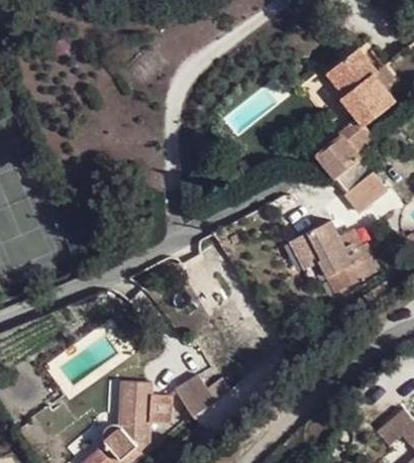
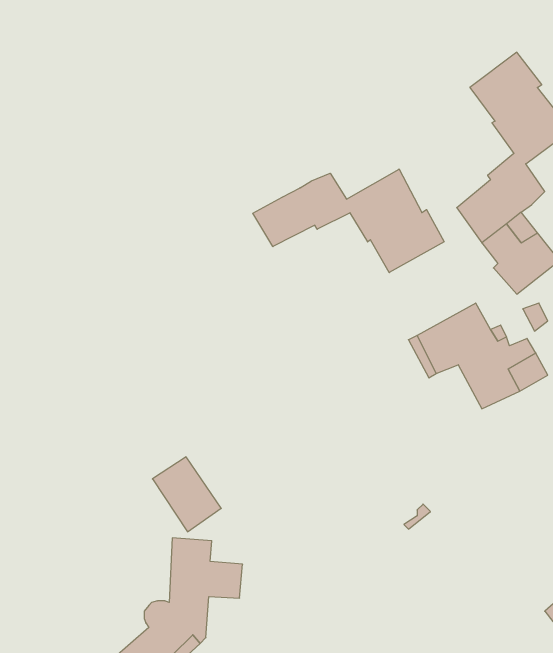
building: none -> [253,169,444,273]
building: [174,375,221,427] -> [152,457,221,532]

